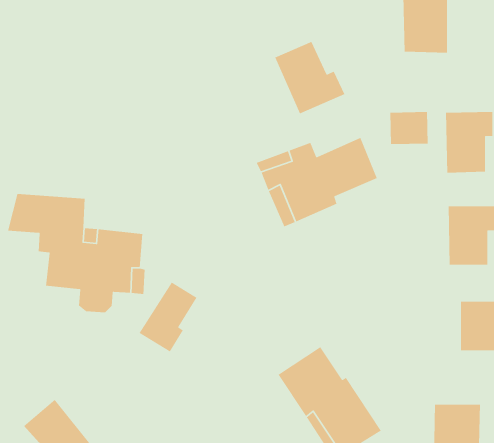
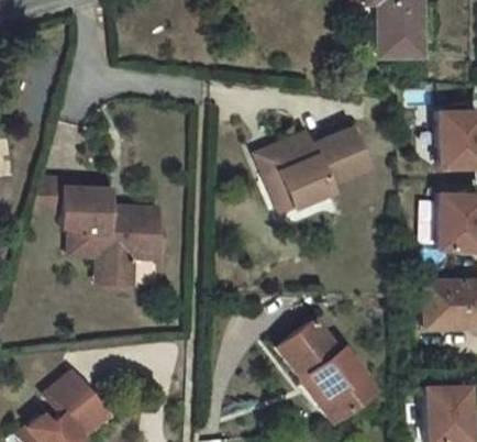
building: [274,41,345,114] -> none
building: [390,111,429,145] -> none
building: [139,282,197,353] -> none
building: none -> [422,281,444,327]

